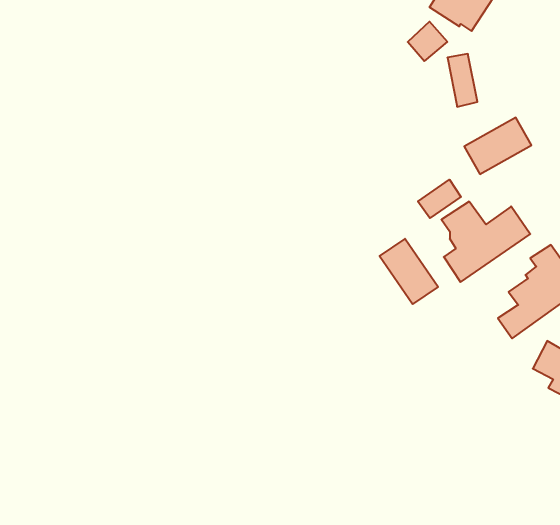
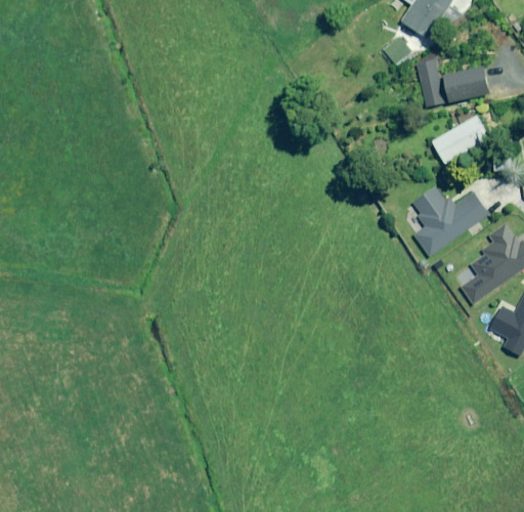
building: none -> [445,67,488,100]
building: [418,180,461,218] -> none
building: [380,239,438,304] -> none

